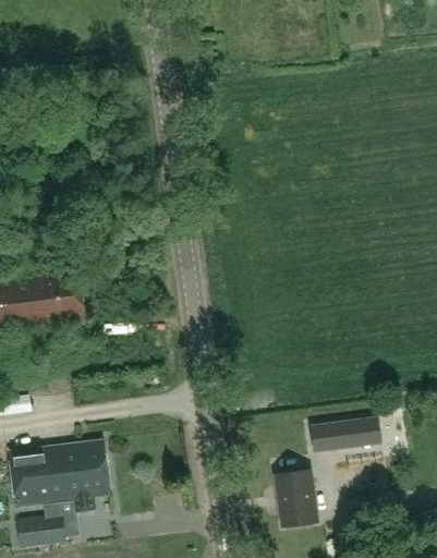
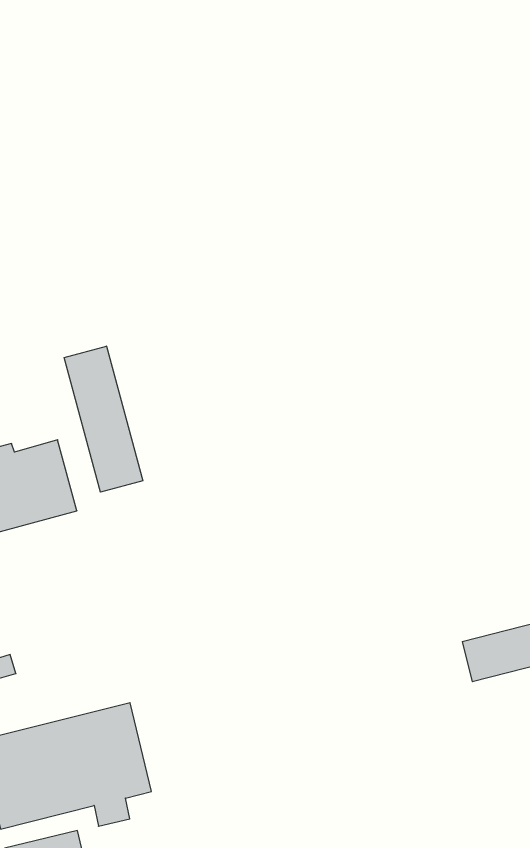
building: none -> [64,346,143,492]
building: [275,470,317,526] -> none

